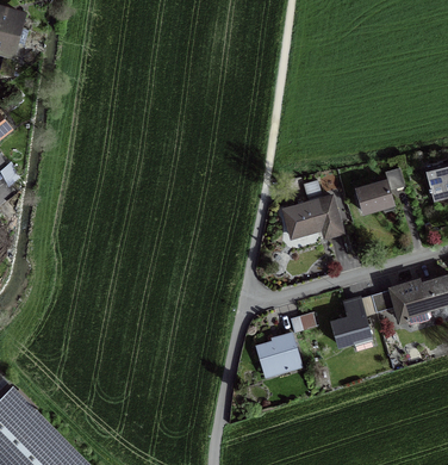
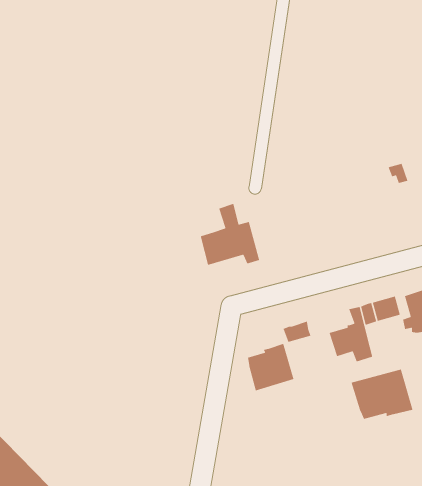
building: [286,180,341,237] -> [200,203,260,266]
building: [356,182,393,212] -> none
building: none -> [350,368,413,420]

